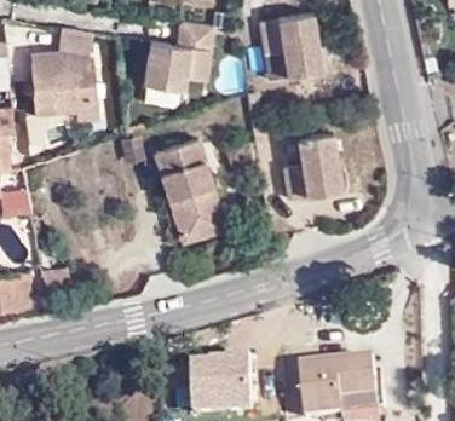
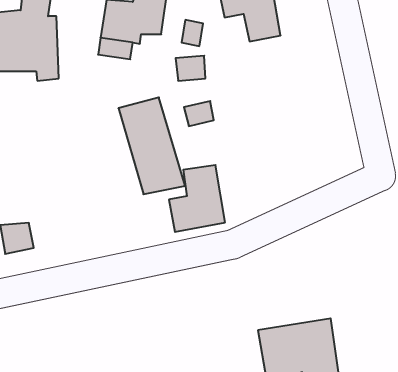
building: [286,135,342,203] -> [169,165,225,232]
building: [191,354,250,410] -> none

